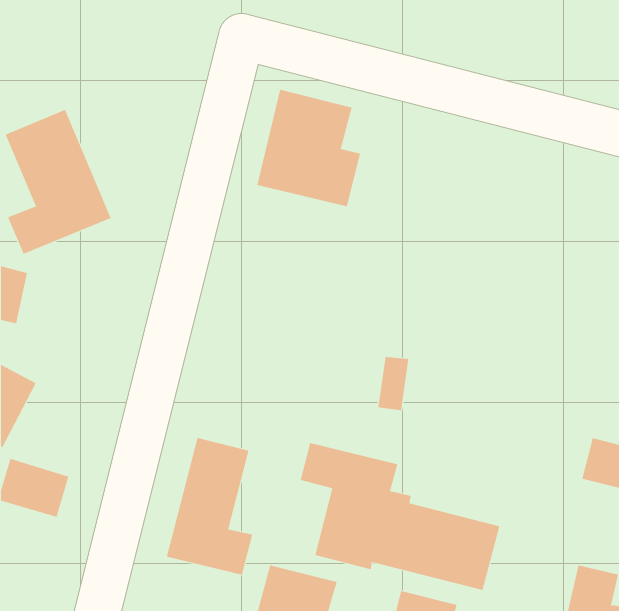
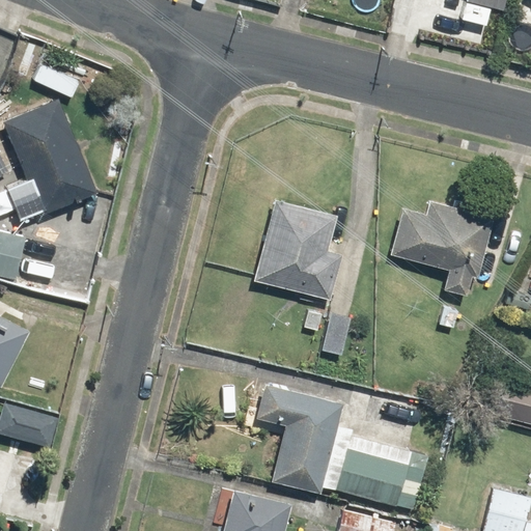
building: [257,89,361,207] -> [254,198,343,299]
building: none -> [391,195,492,297]
building: [166,437,253,576] -> none

